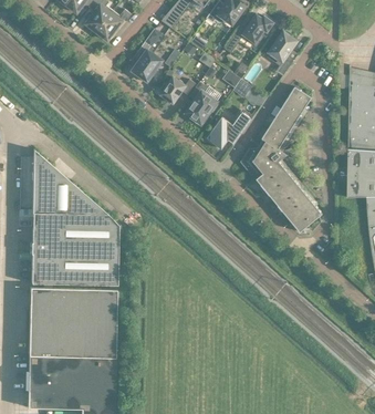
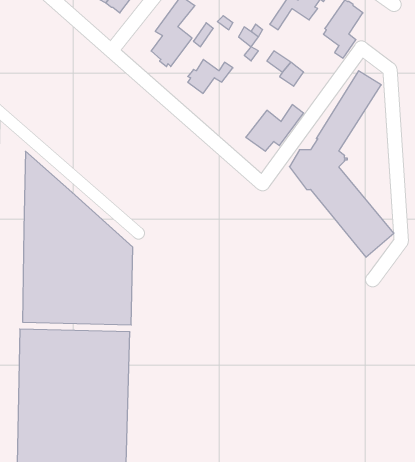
building: [186,81,220,123] -> none

